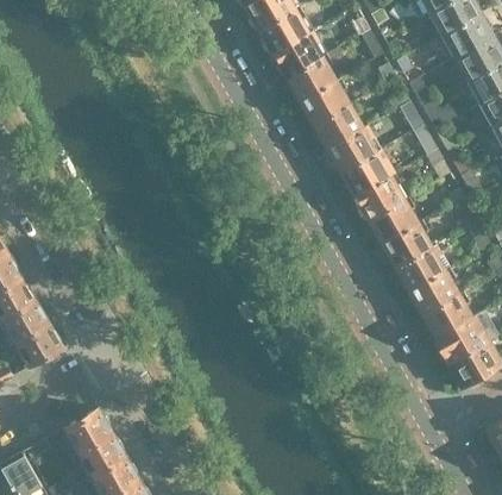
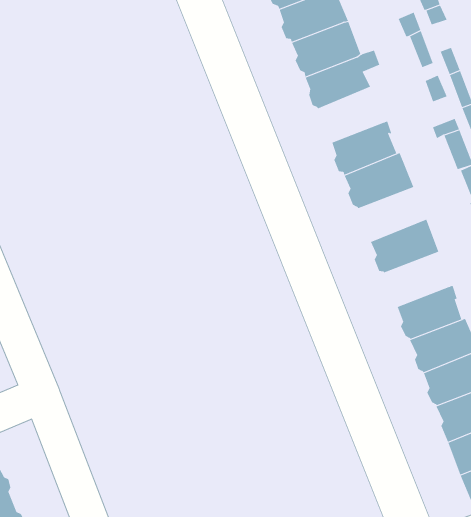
building: [300,77,352,125] -> none
building: [341,150,395,196] -> none
building: [368,196,420,243] -> none

